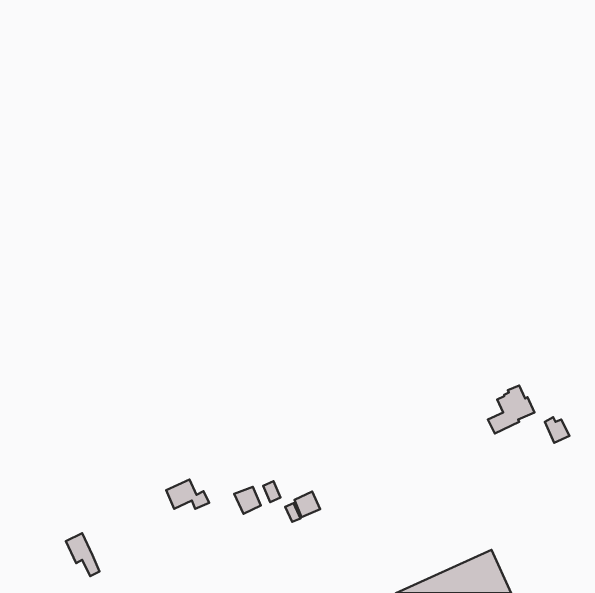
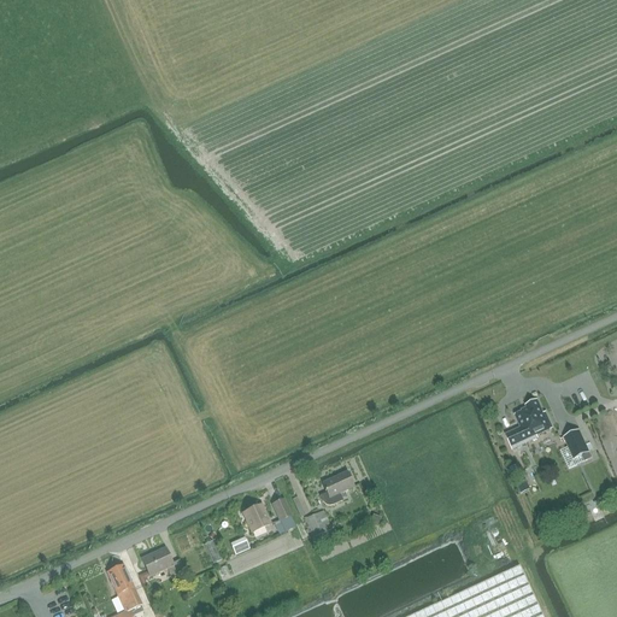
building: none -> [319,470,353,505]
building: [166,480,209,509] -> [141,546,186,576]
building: [66,533,99,576] -> [106,563,141,607]

